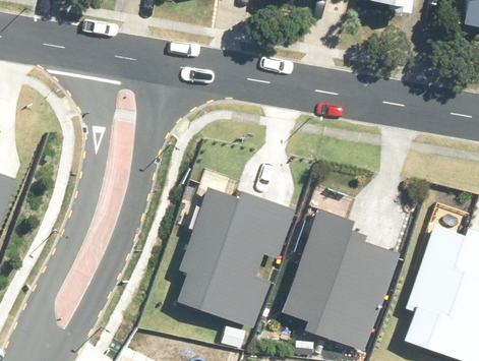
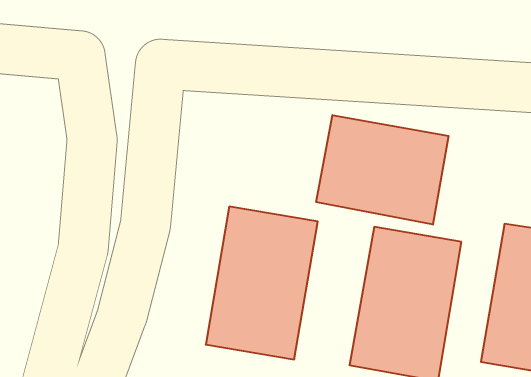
building: none -> [316,115,449,225]

